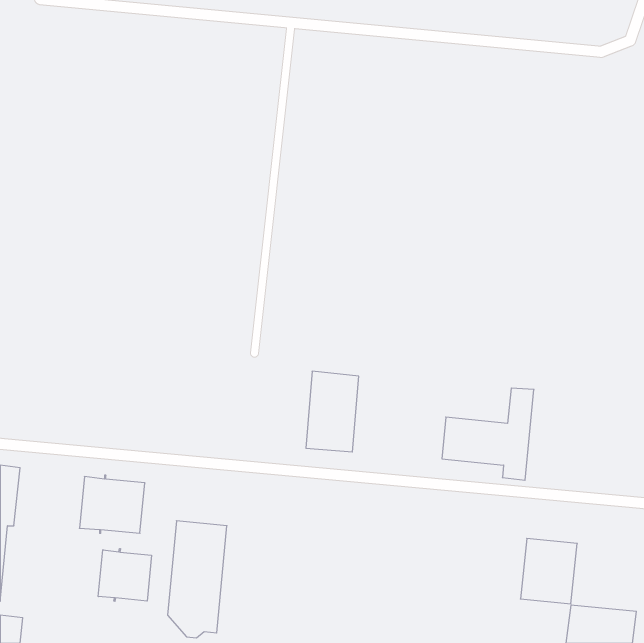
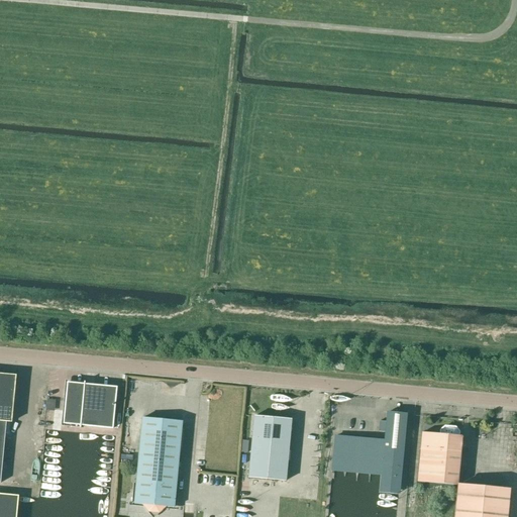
building: [306,371,359,452] -> [248,415,291,480]
building: [442,388,534,480] -> [332,412,406,486]
building: [98,549,151,601] -> none

